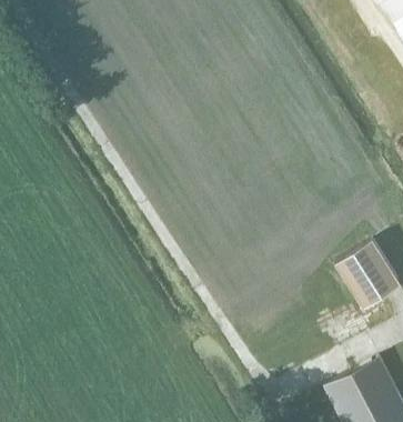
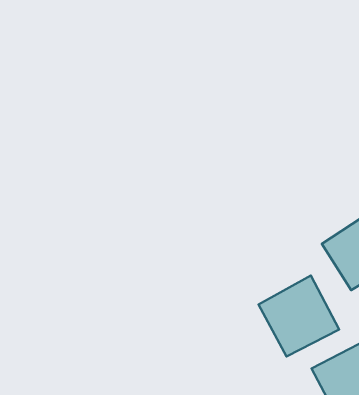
building: none -> [259,276,339,356]

